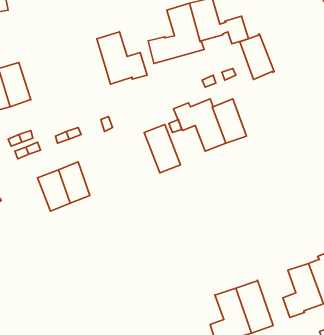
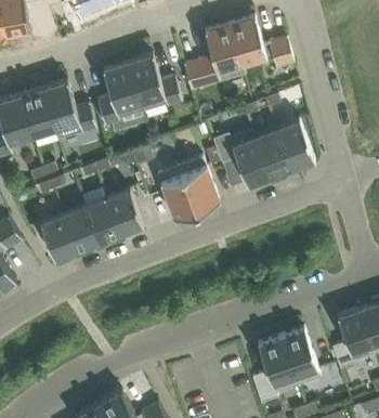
building: [240,34,274,79] -> [276,120,314,170]
building: none -> [96,63,142,127]
building: none -> [41,81,95,141]
building: none -> [156,166,196,219]
building: none -> [106,190,143,235]
building: none -> [39,215,76,261]

